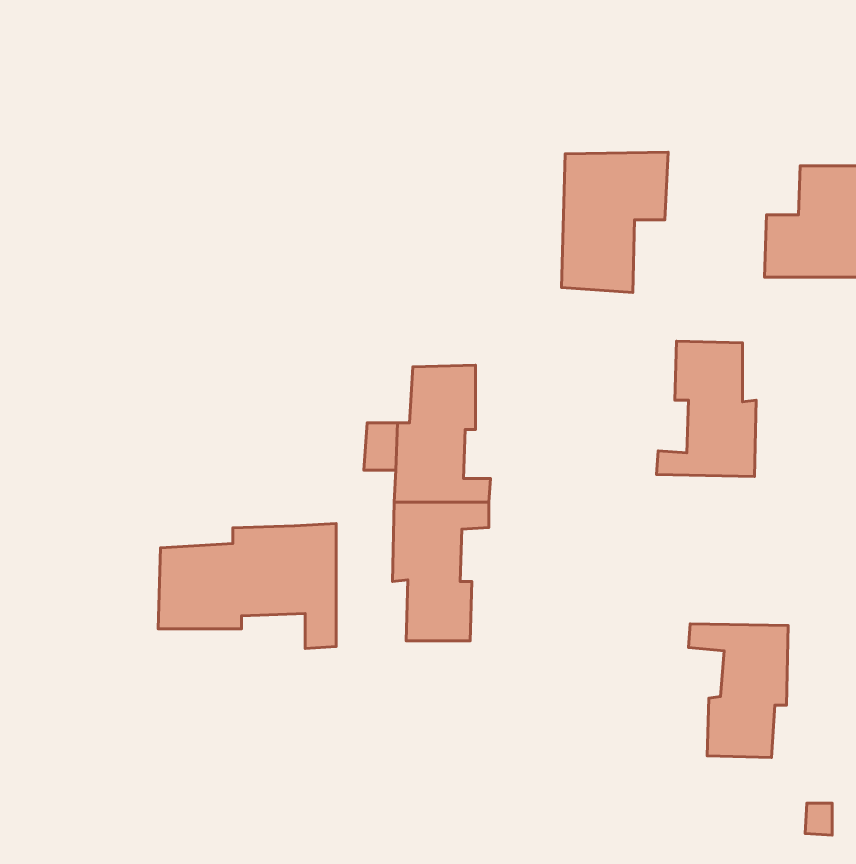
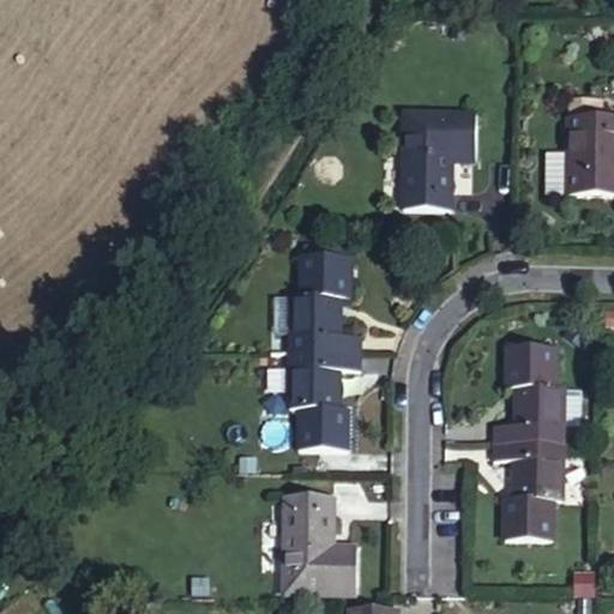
building: [656,341,756,476] -> [495,348,566,444]
building: [158,524,336,649] -> none
building: none -> [287,486,356,586]

